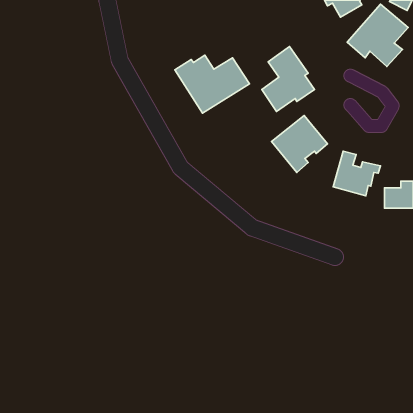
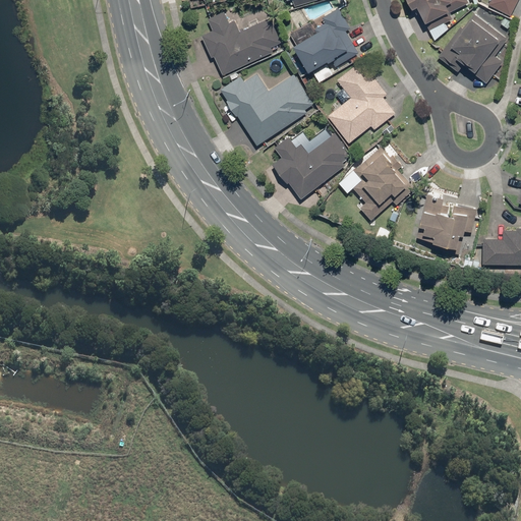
building: none -> [293,9,358,74]
building: none -> [200,12,281,75]
building: none -> [272,125,353,197]

